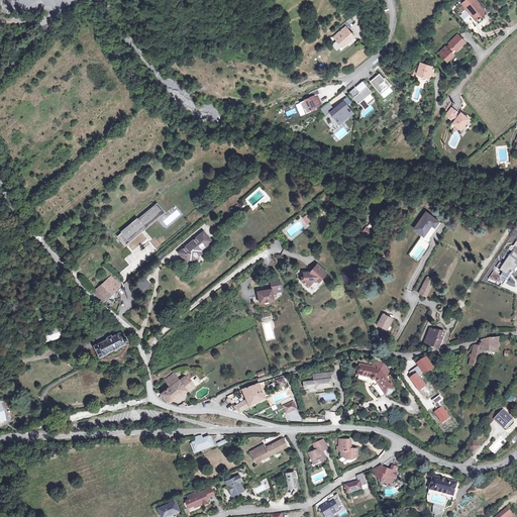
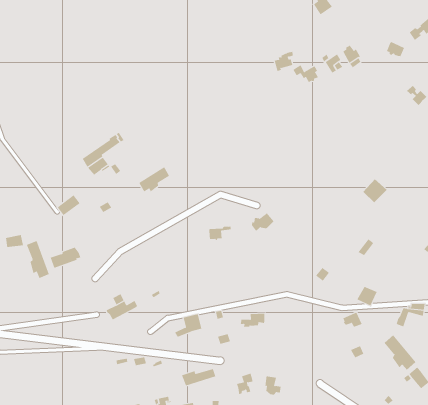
building: none -> [26,240,50,279]
building: [359,363,395,397] -> none
building: none -> [384,334,416,371]

